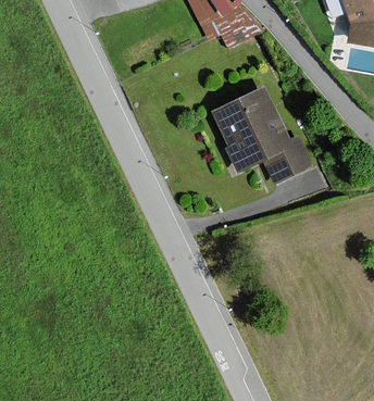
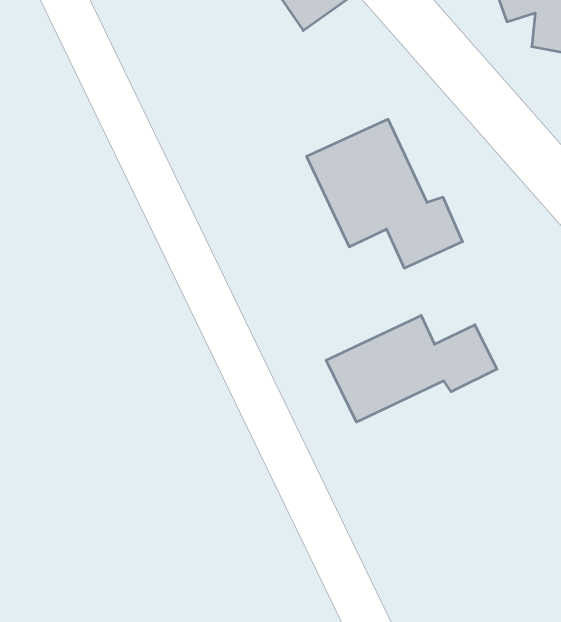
building: none -> [326,315,497,422]

